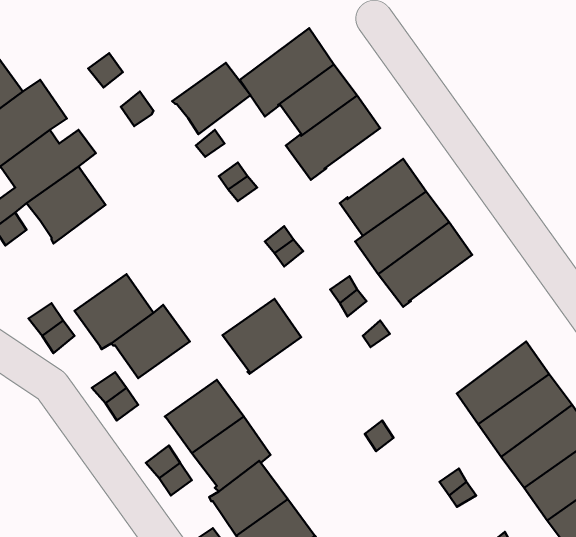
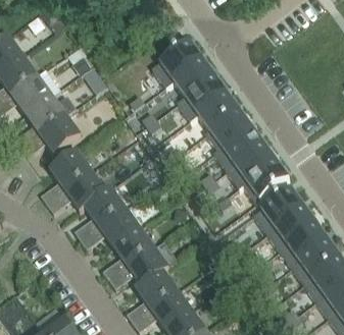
building: [172,63,250,134] -> none
building: none -> [197,93,239,130]
building: none -> [50,150,92,189]
building: none -> [242,160,289,203]
building: [223,299,301,374] -> [98,206,140,245]
building: none -> [253,187,304,233]

